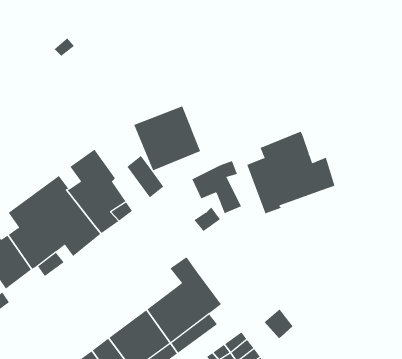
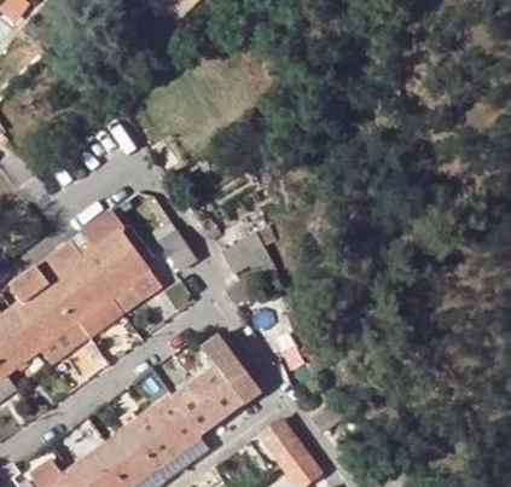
building: [134,105,201,171] -> none
building: [246,131,335,214] -> none

